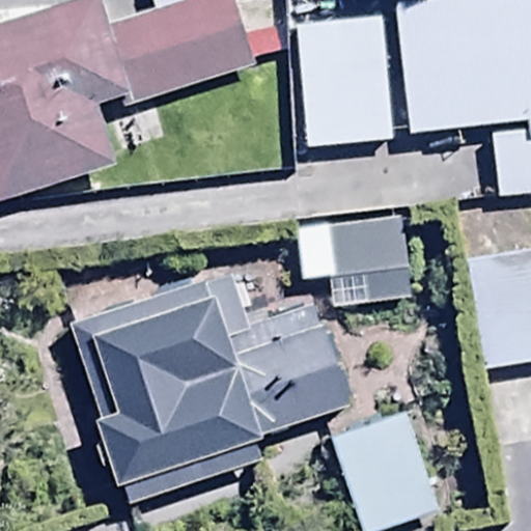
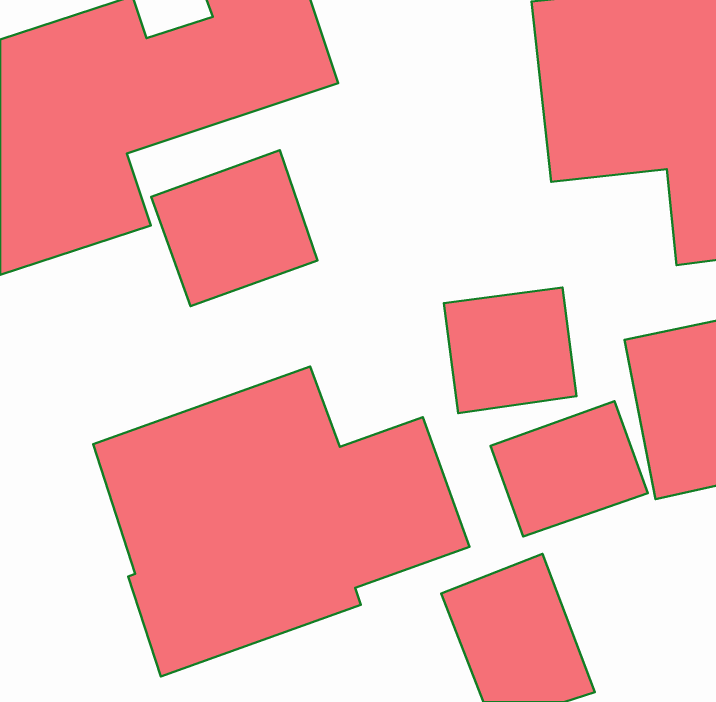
building: [295,19,395,144] -> none
building: none -> [151,150,317,306]
building: none -> [490,401,648,537]

